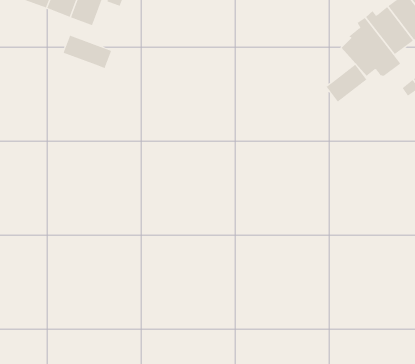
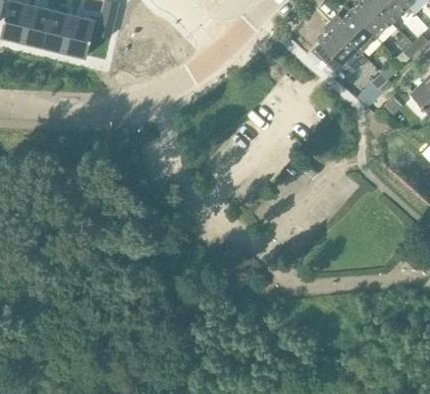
building: [63,35,112,69] -> none
building: [326,64,367,102] -> none

